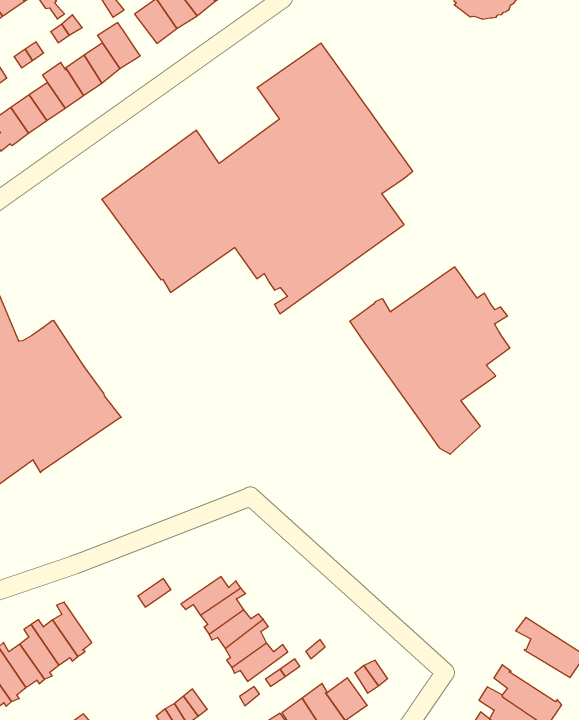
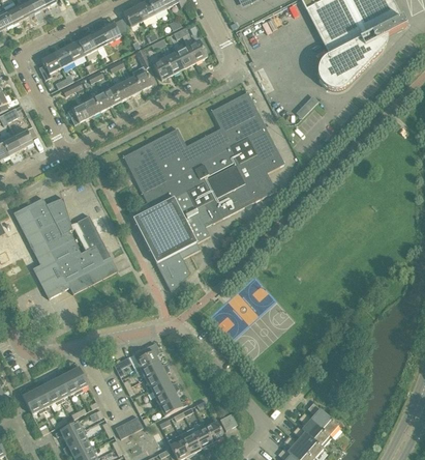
building: [350,267,510,454] -> [130,191,212,287]
building: none -> [133,342,160,371]
building: none -> [298,412,331,448]

